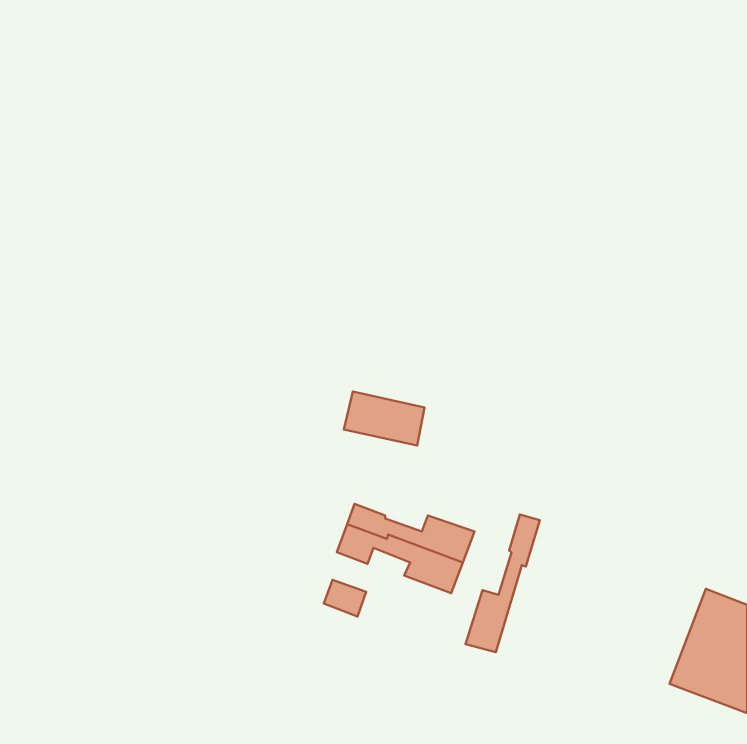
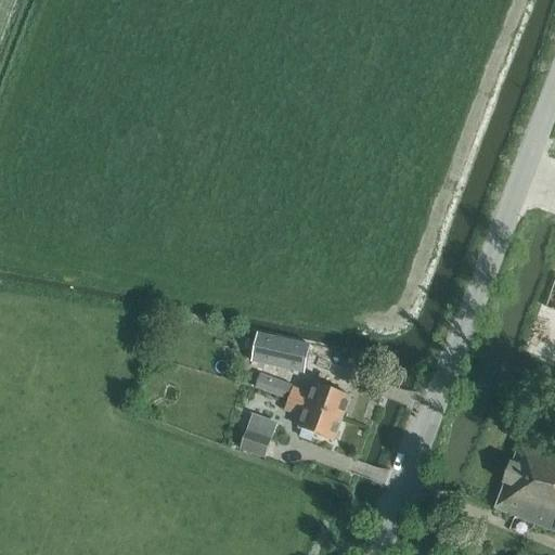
building: [344,391,425,446] -> [250,331,310,371]
building: [465,514,540,652] -> none

